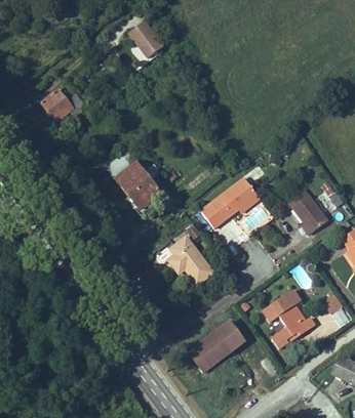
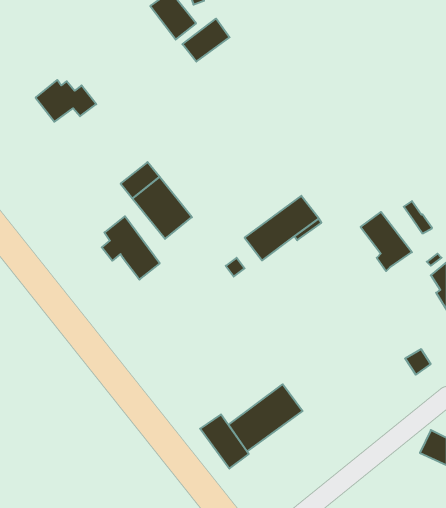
building: none -> [182,19,230,62]
building: [168,237,212,285] -> [102,216,160,280]
building: [263,290,314,342] -> none
building: none -> [200,414,249,469]

